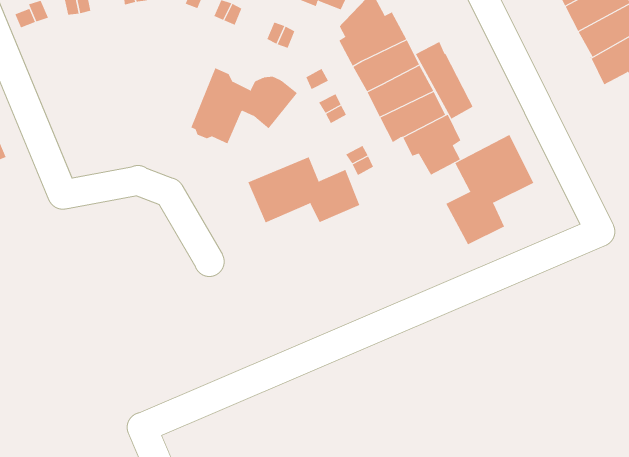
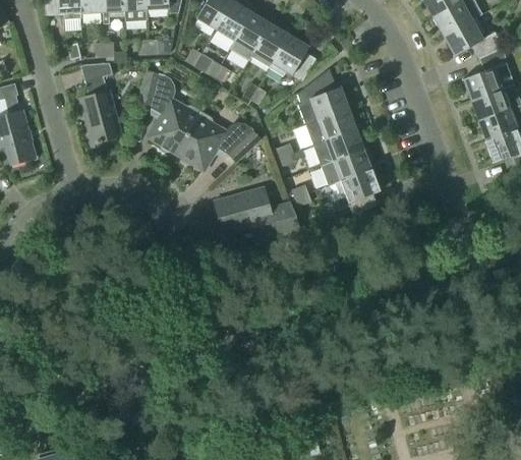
building: none -> [80,62,121,143]
building: none -> [138,69,201,154]
building: [415,41,475,119] -> none
building: [445,134,534,245] -> none

